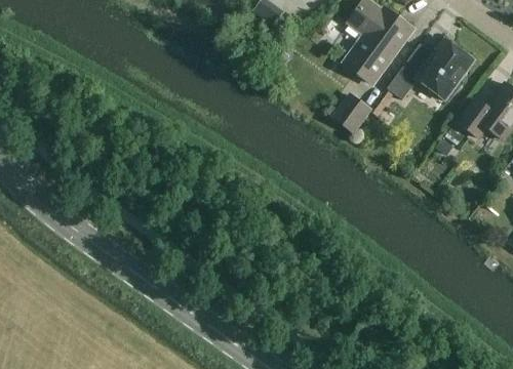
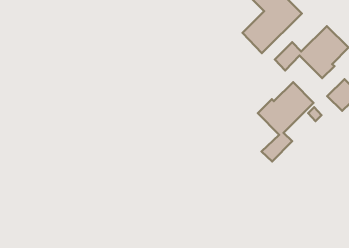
building: [332,92,373,134] -> none
building: none -> [258,82,314,161]

